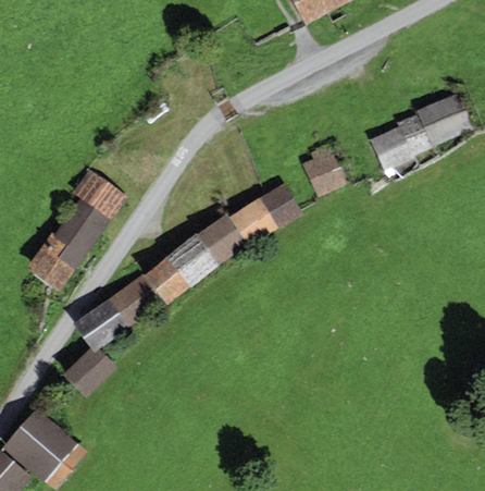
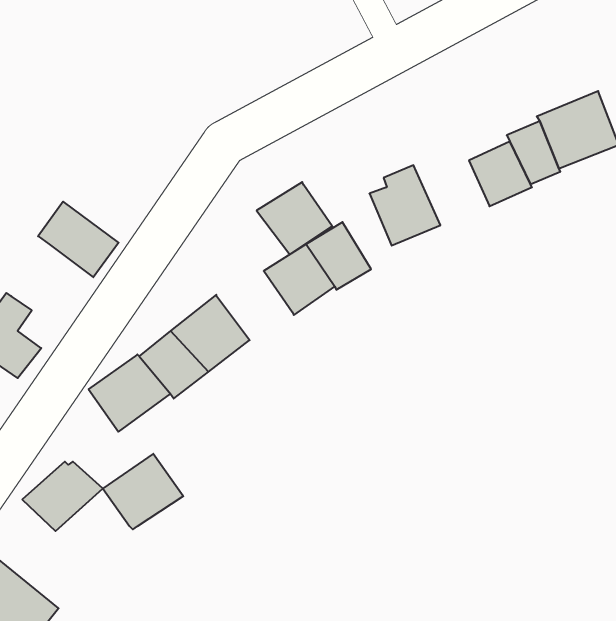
building: [54,197,111,269] -> none
building: [196,213,248,263] -> [257,182,332,255]
building: [73,297,128,349] -> [103,454,183,529]

